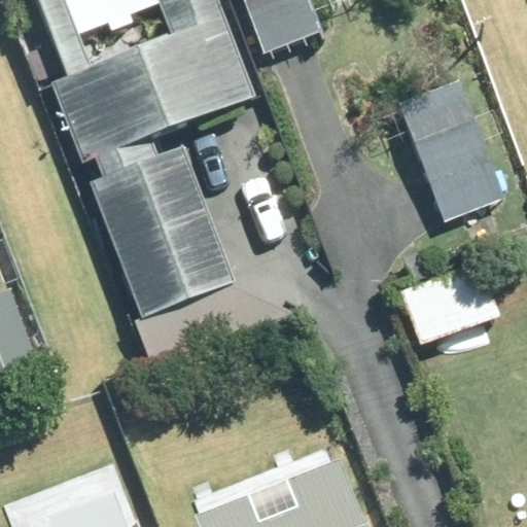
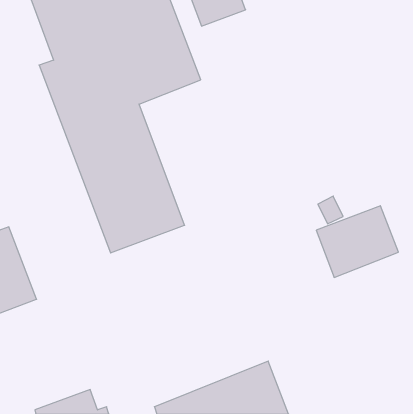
building: [400,80,505,220] -> none

